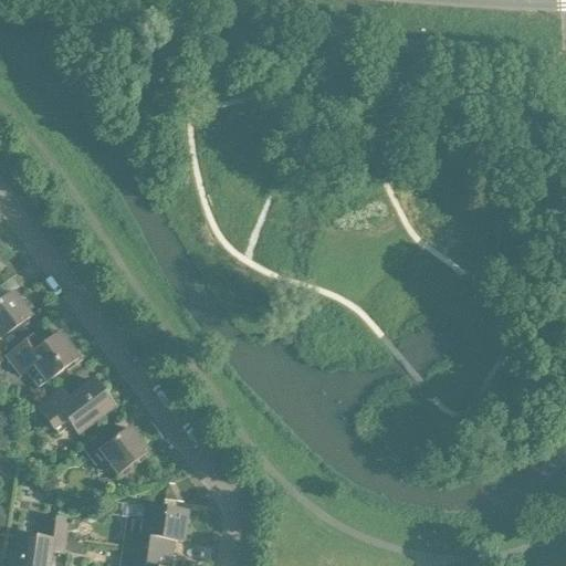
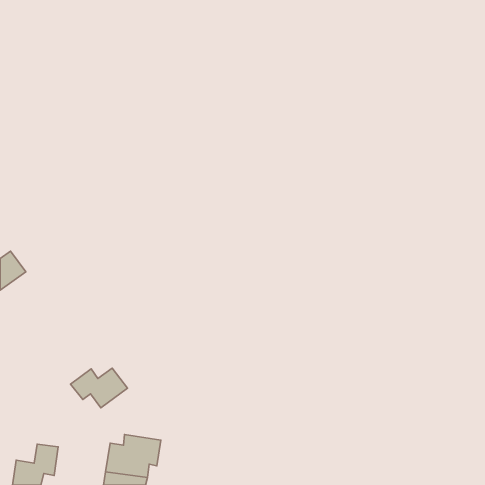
building: [7,329,78,387] -> none
building: [38,379,115,434] -> none

